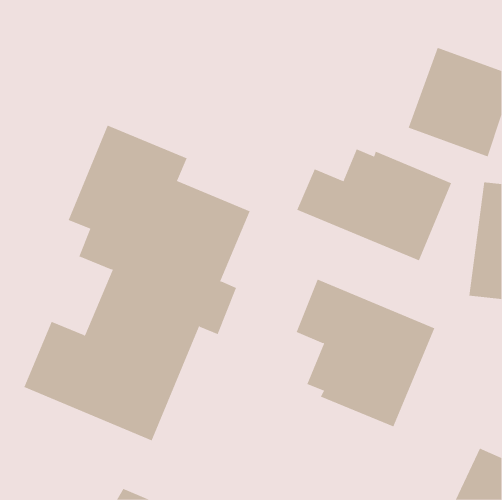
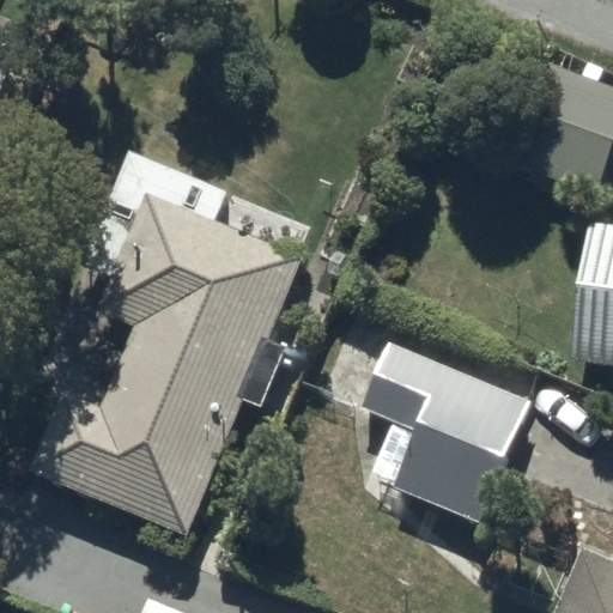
building: [297,149,452,261] -> none

